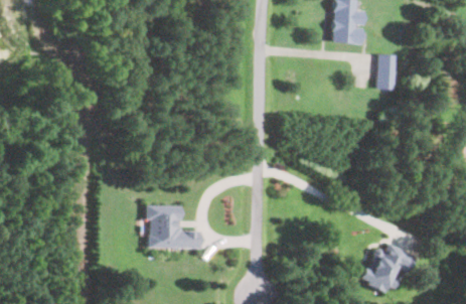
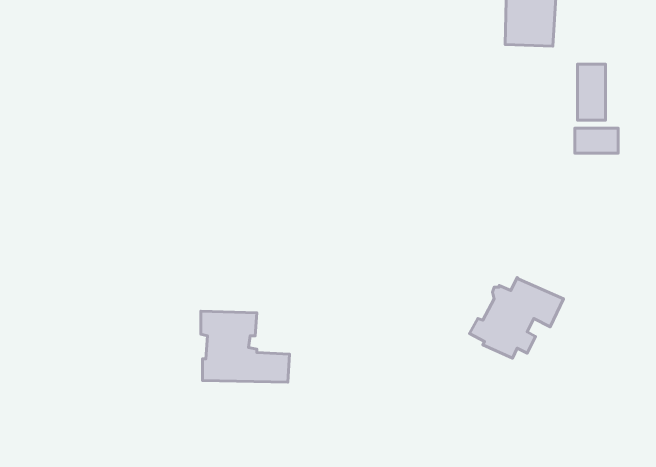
building: none -> [575,128,618,153]
building: [360,244,418,293] -> [470,277,563,358]

